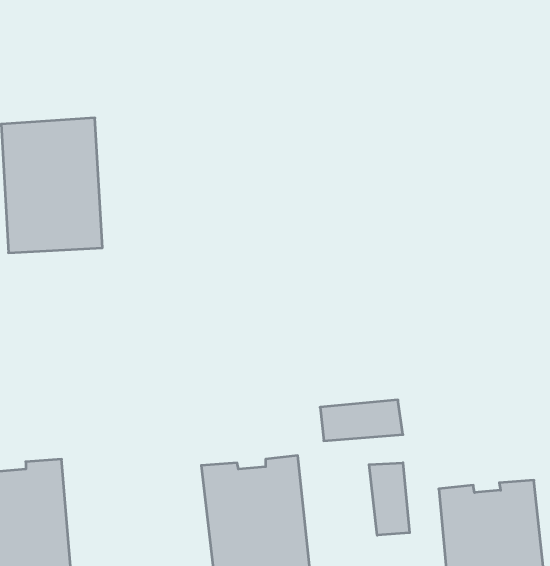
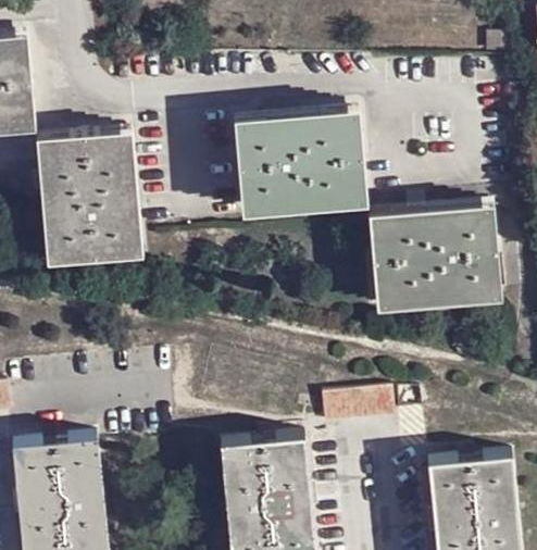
building: none -> [236,112,354,207]
building: none -> [371,212,490,307]
building: [369,463,410,535] -> none

